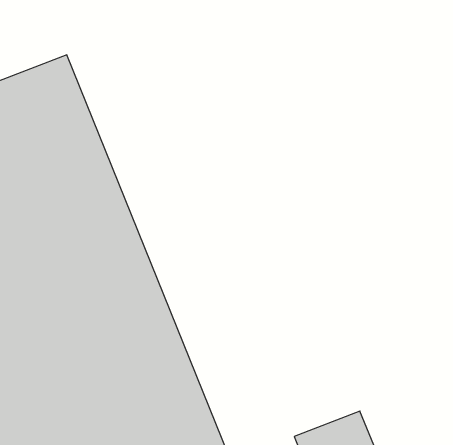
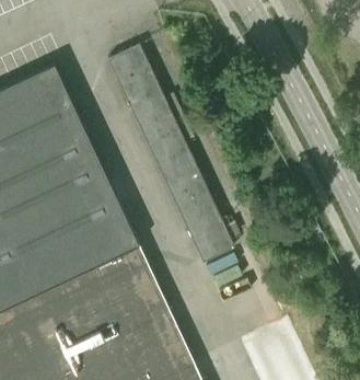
building: none -> [107,45,234,263]

